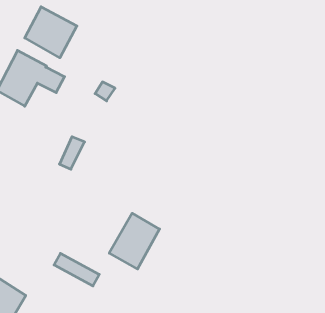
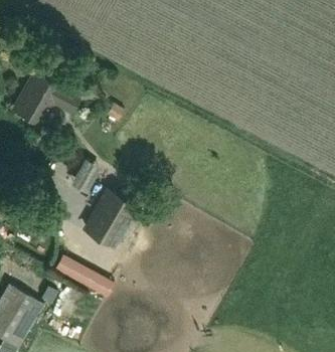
building: [25,7,77,58] -> none
building: [109,213,160,269] -> [86,191,134,244]

